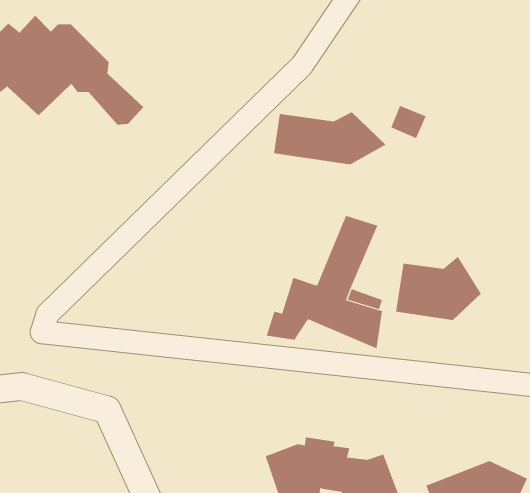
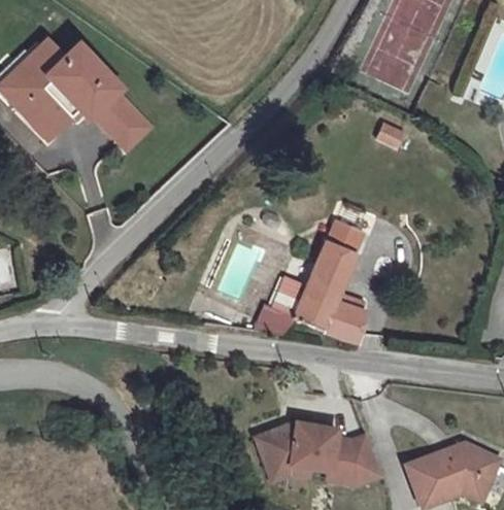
building: [273,111,387,165] -> none
building: [396,256,482,321] -> none

